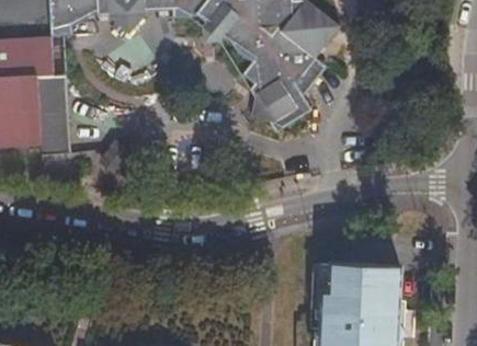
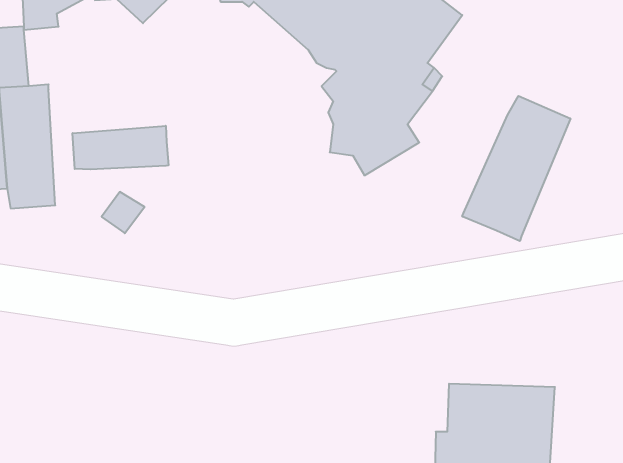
building: none -> [462,96,570,241]
building: none -> [73,126,168,169]

